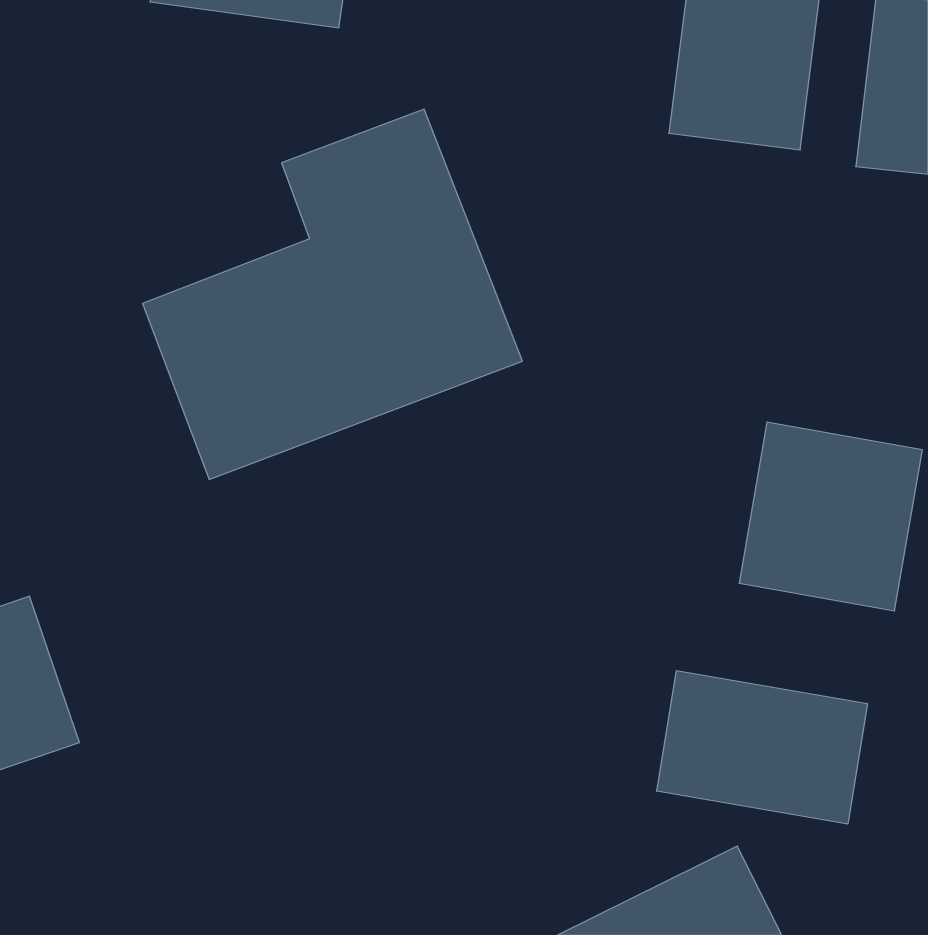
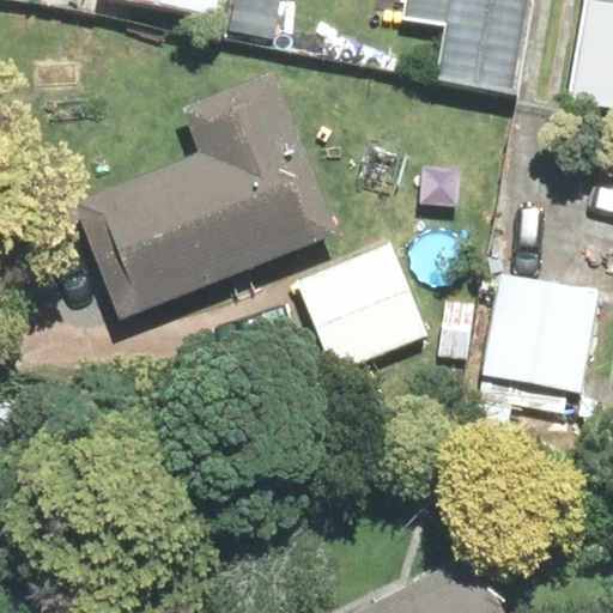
building: none -> [289,233,430,375]
building: [657,671,867,824] -> none

